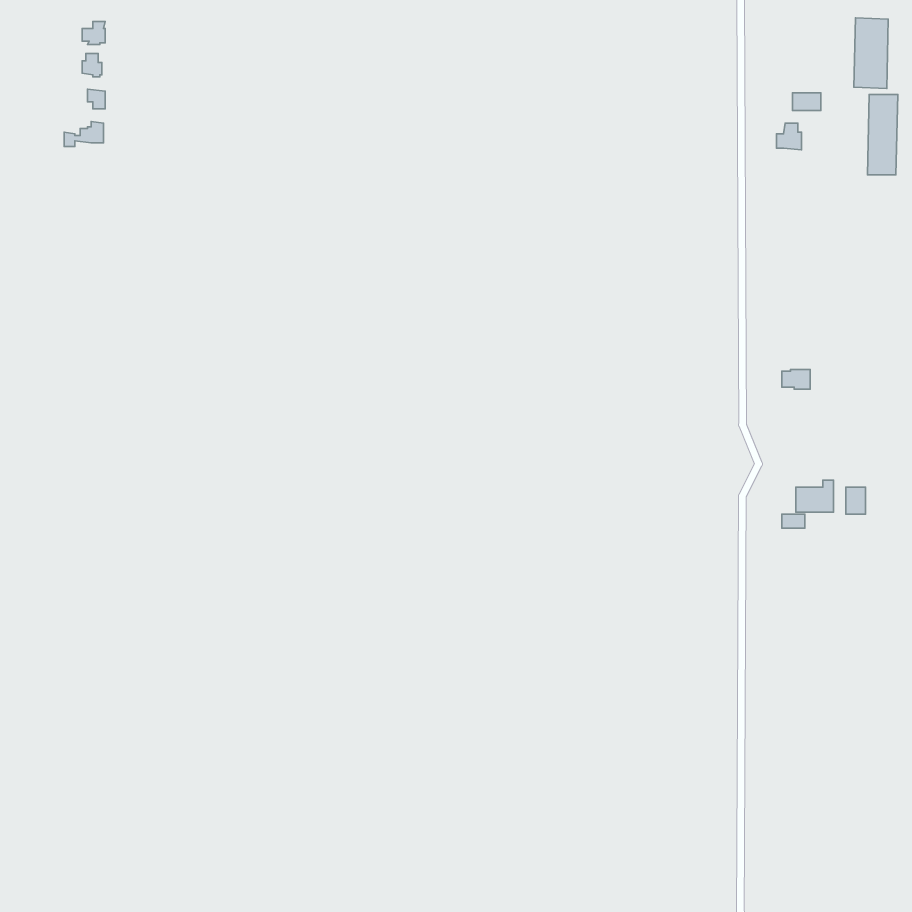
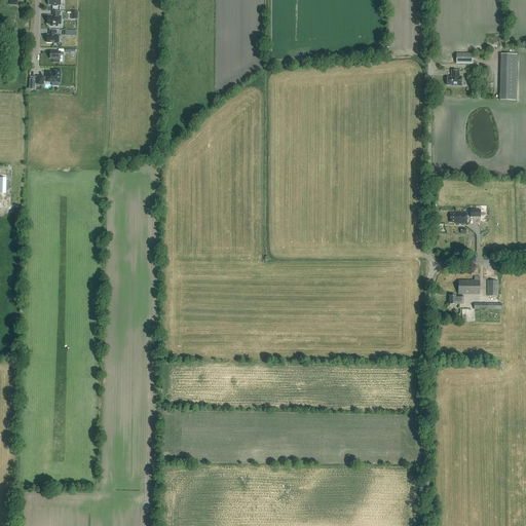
building: [854,18,888,88] -> none

